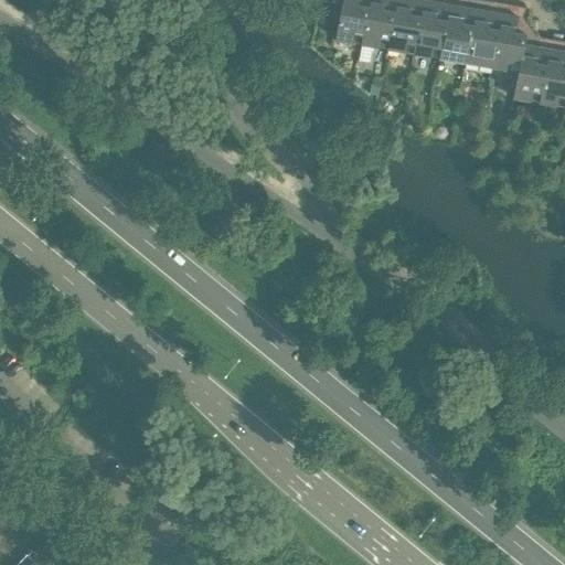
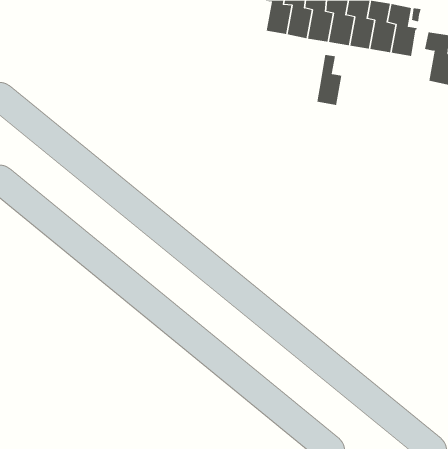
building: [514,39,546,103] -> [317,54,342,105]

